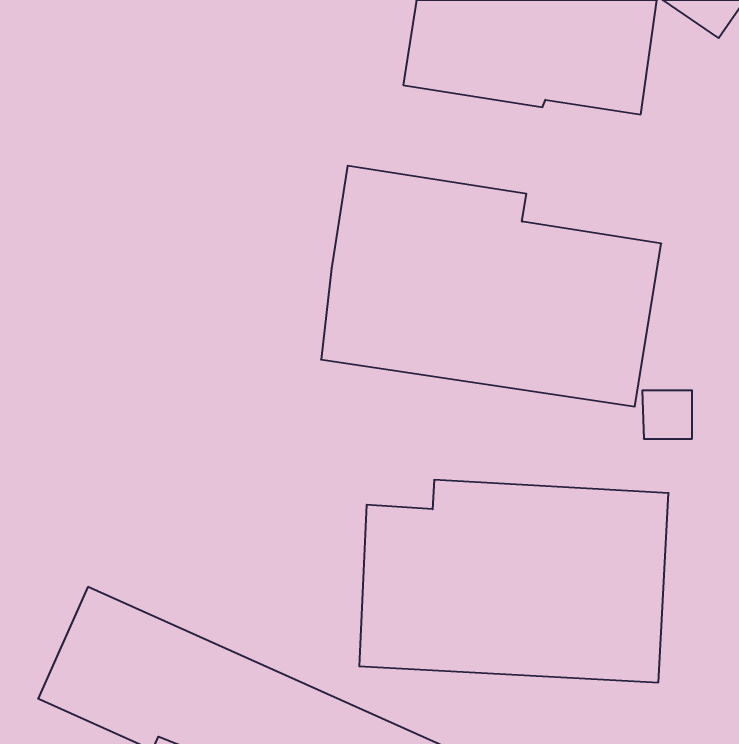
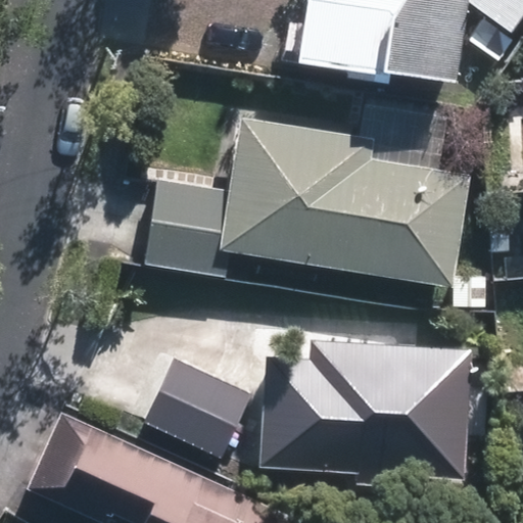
building: none -> [143,179,238,278]
building: none -> [145,358,254,460]

